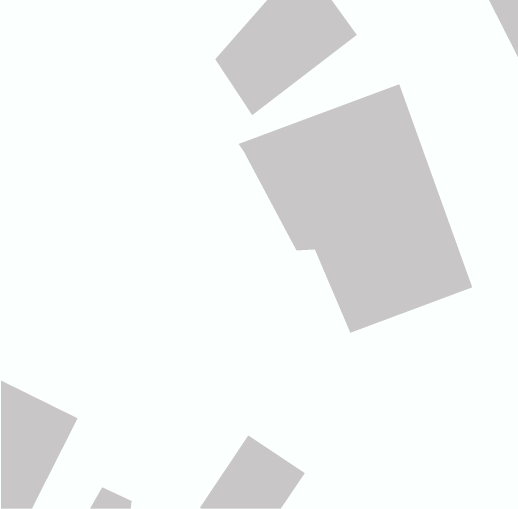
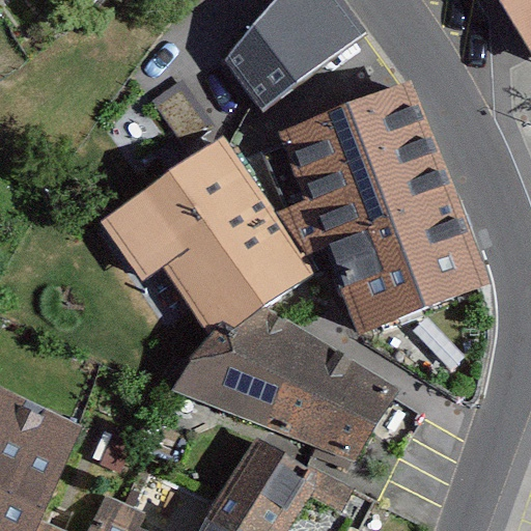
building: none -> [121,136,305,333]
building: none -> [173,309,395,463]

